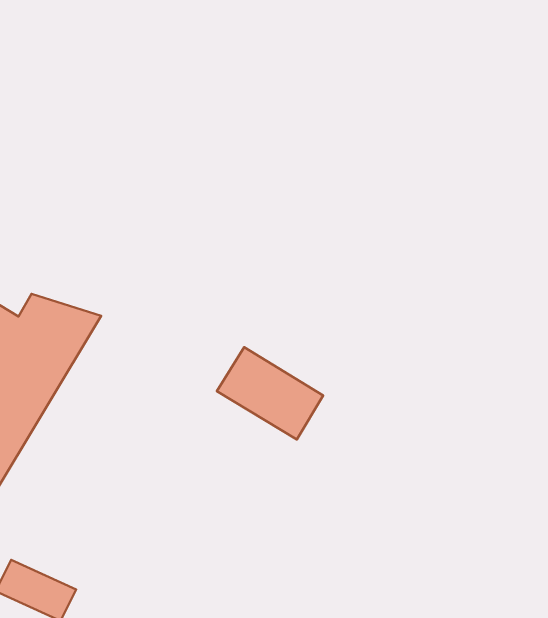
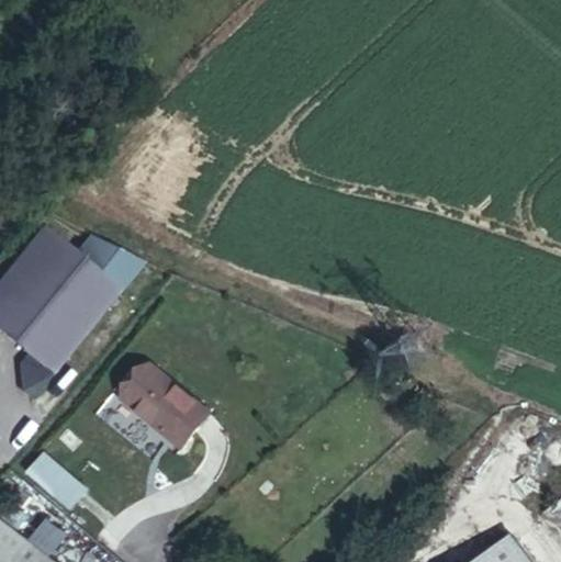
building: [217,347,323,439] -> [119,367,203,447]

